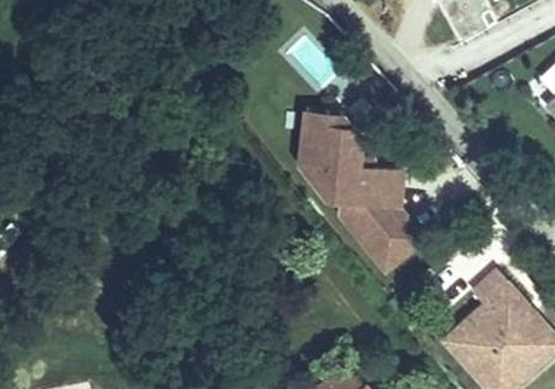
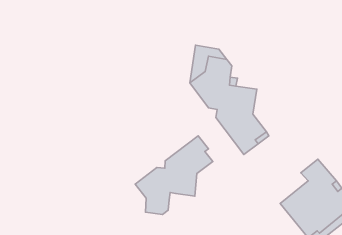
building: none -> [135,136,213,214]

